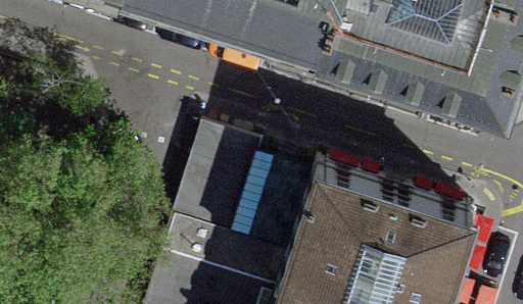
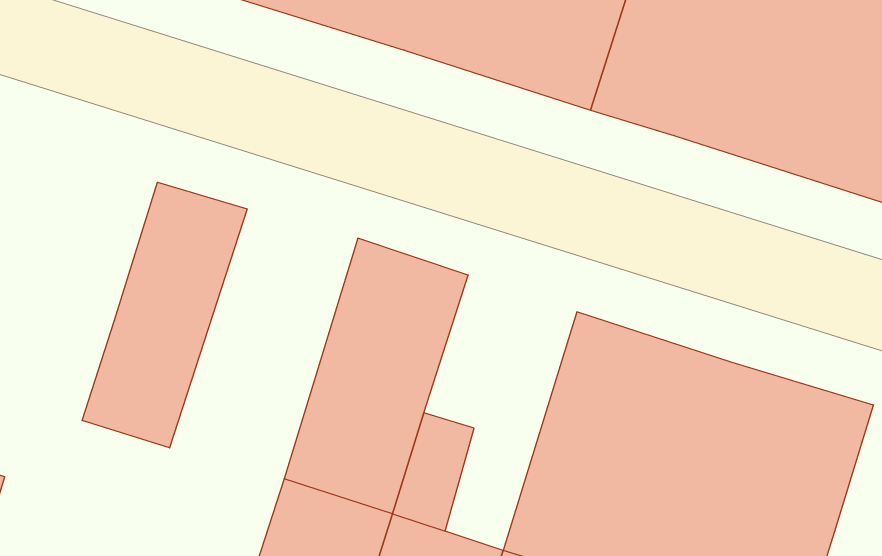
building: none -> [82,182,247,448]

